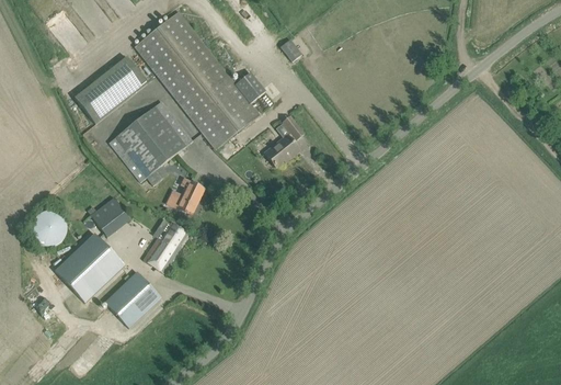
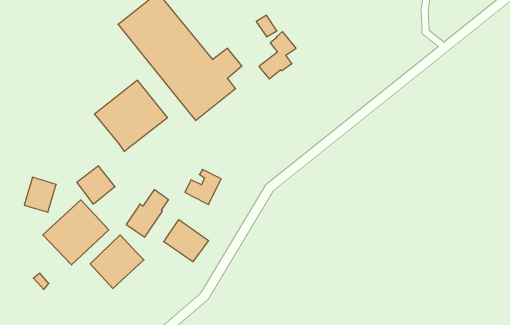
building: [75,55,147,123] -> none
building: [264,115,304,166] -> [259,32,296,79]
building: [165,178,204,215] -> [185,169,221,205]
building: none -> [164,220,208,262]

